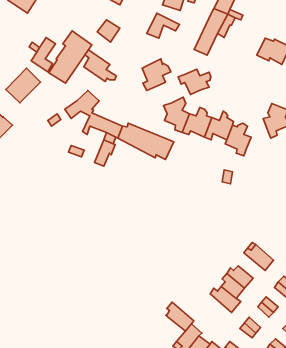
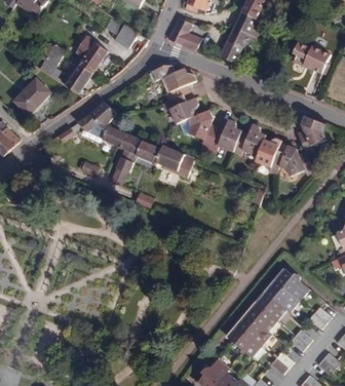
building: [84,50,116,82] -> none
building: [178,69,211,95] -> [161,95,197,123]
building: none -> [277,144,310,176]
building: none -> [268,280,298,312]
building: [166,302,194,331] -> [230,325,261,357]

